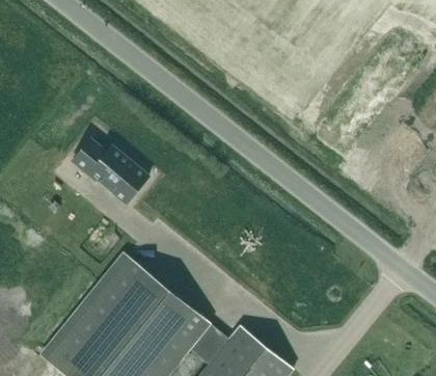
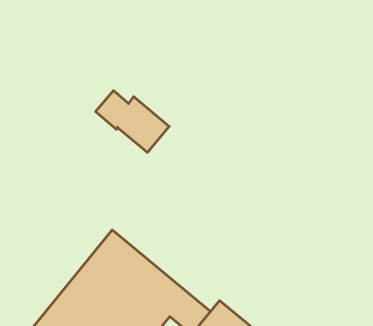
building: [71,139,147,204] -> [96,91,169,152]

